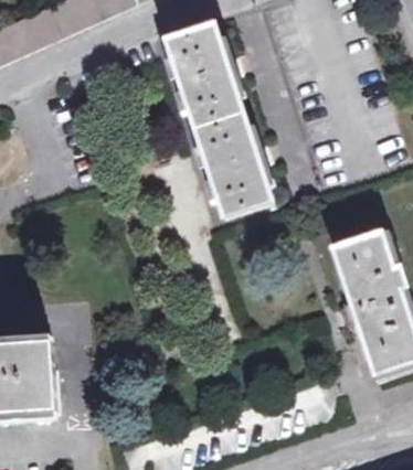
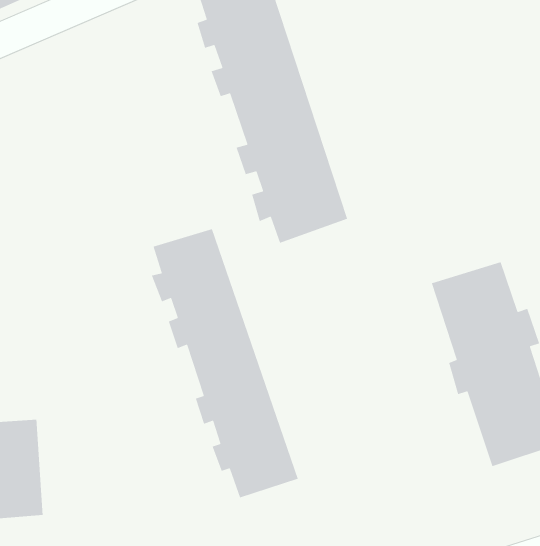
building: none -> [151,228,299,499]

